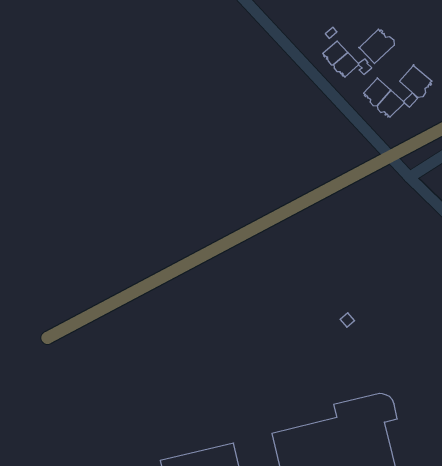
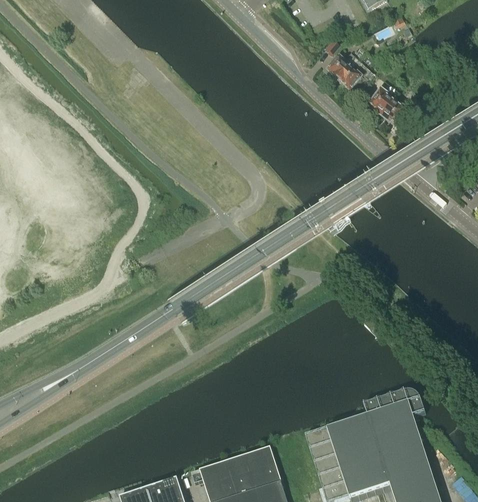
building: [359,29,394,64] -> none
building: [400,65,432,98] -> none

